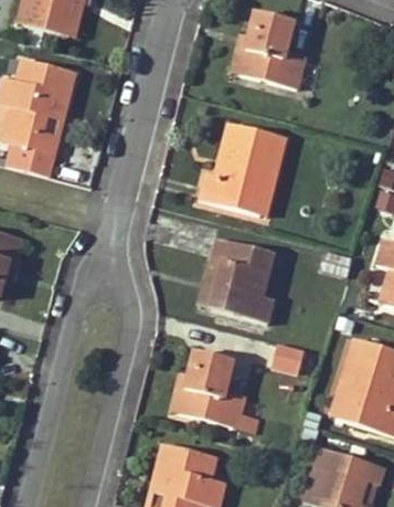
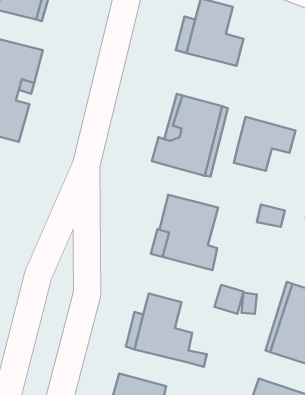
building: none -> [234,117,296,171]

